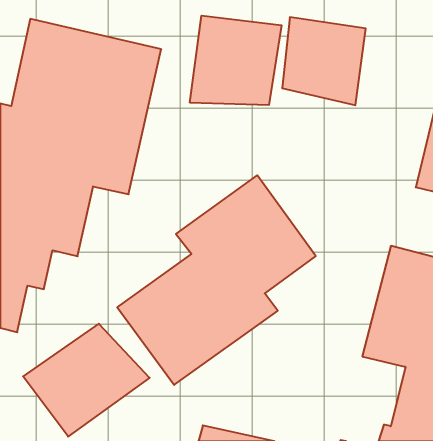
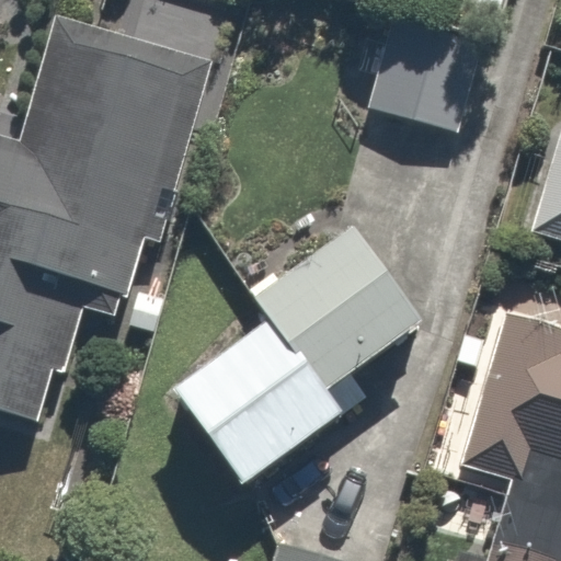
building: [190,16,282,105] -> none
building: [23,324,150,437] -> none

